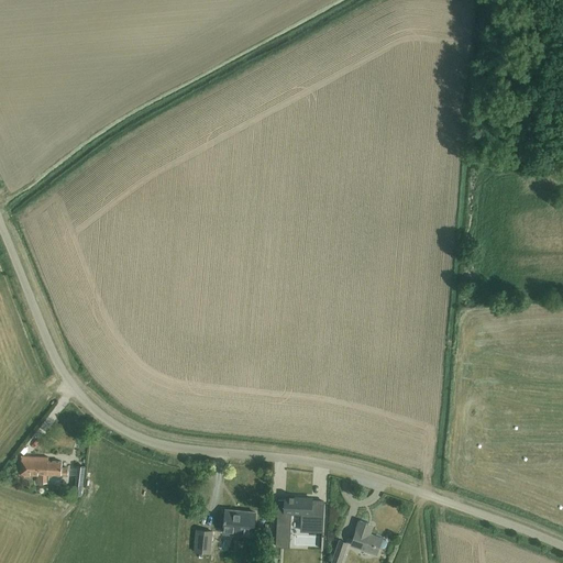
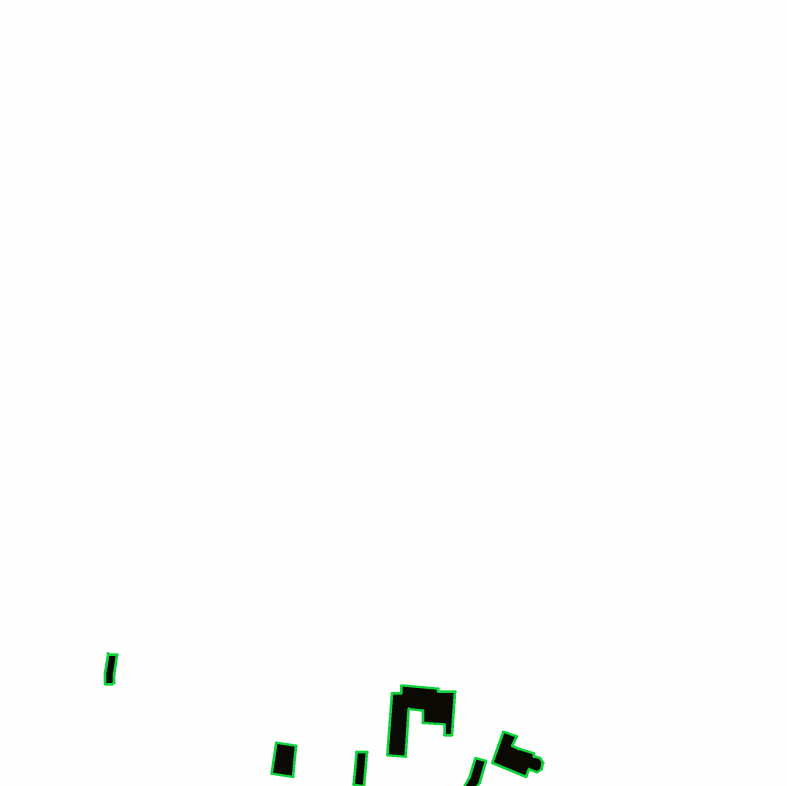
building: [20,459,67,485] -> none
building: [222,511,254,537] -> none

